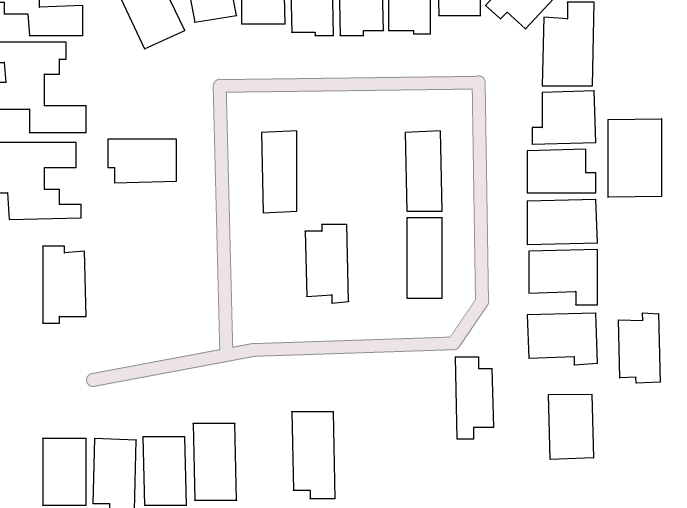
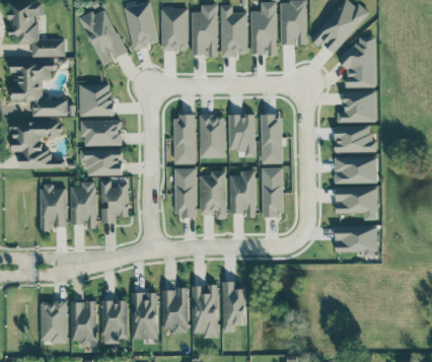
building: none -> [79,84,113,116]
building: [608,119,662,197] -> none
building: none -> [200,115,225,157]
building: none -> [229,115,255,157]
building: none -> [80,149,123,175]
building: none -> [174,168,196,217]
building: none -> [229,170,256,218]
building: none -> [100,179,129,222]
building: none -> [70,182,96,228]
building: [619,313,660,383] -> none
building: [455,357,494,439] -> [222,282,245,332]
building: [549,394,593,459] -> none
building: none -> [162,288,188,333]

